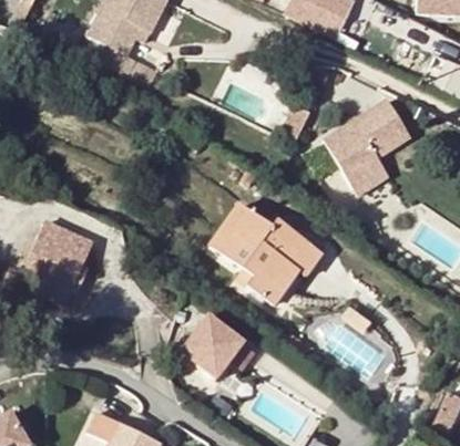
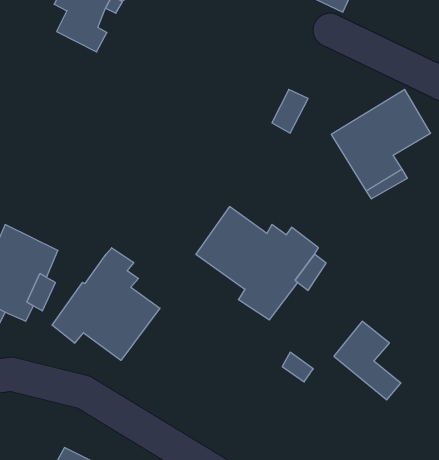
building: none -> [52,248,160,360]
building: [181,317,243,378] -> none

